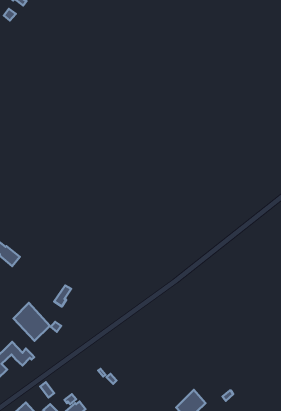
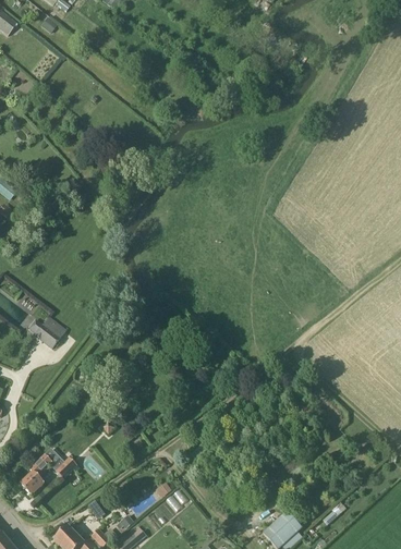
building: [14,303,50,341] -> none

